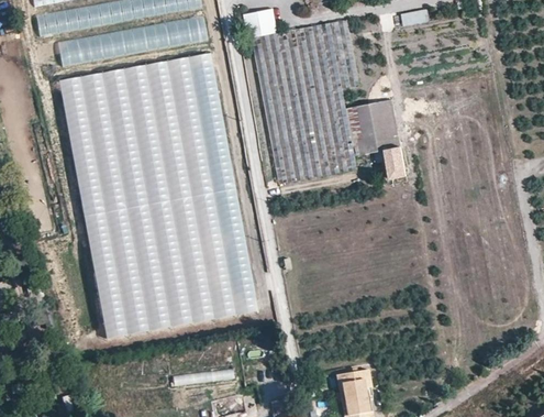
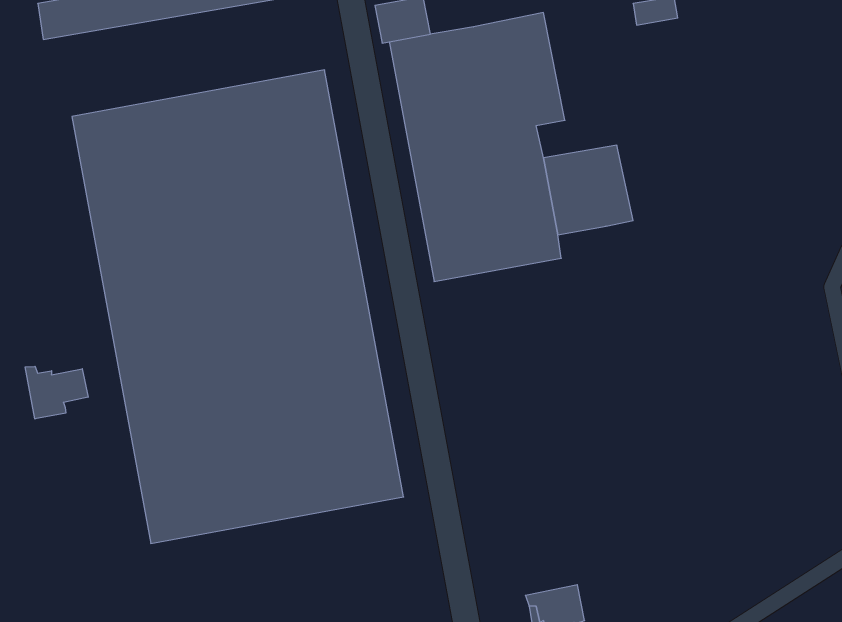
building: [58,14,207,64] -> none
building: [380,145,406,177] -> none
building: none -> [25,366,88,419]

